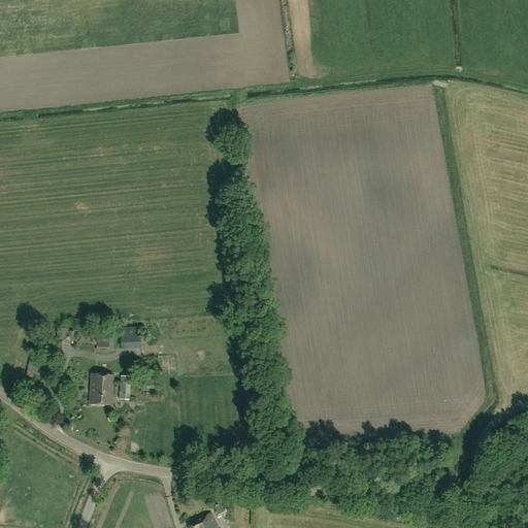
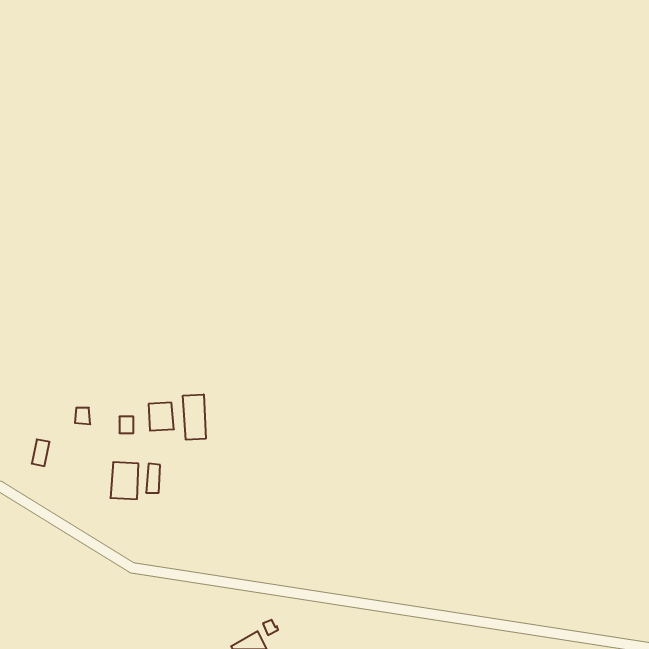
building: none -> [183,394,206,440]

